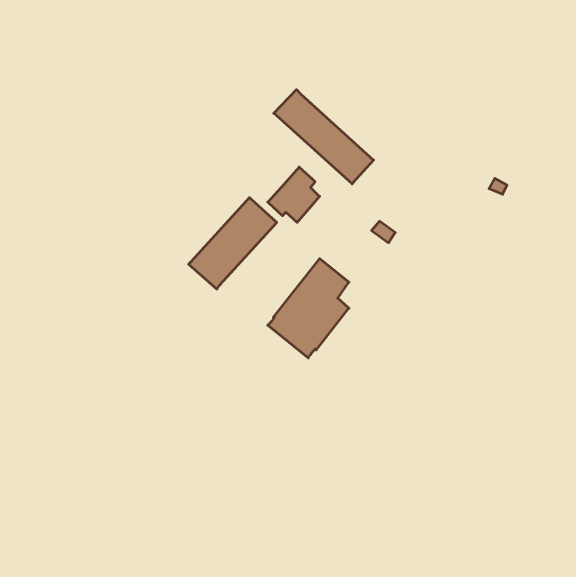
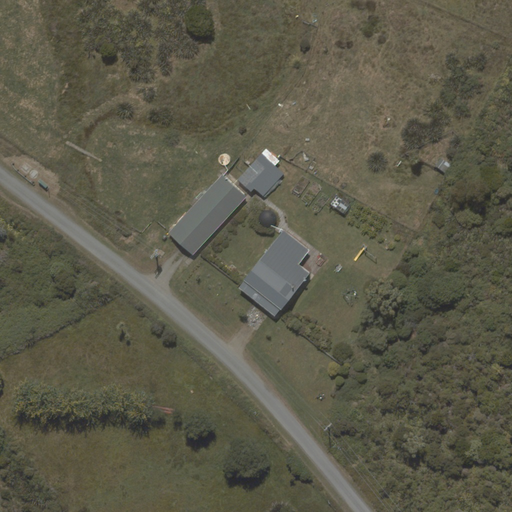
building: [274,90,374,184] -> none

